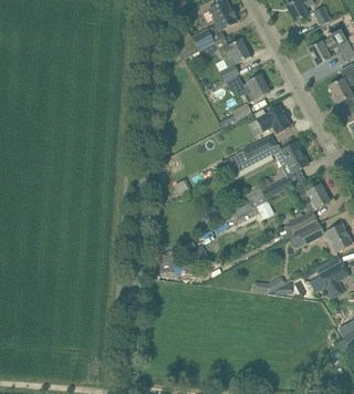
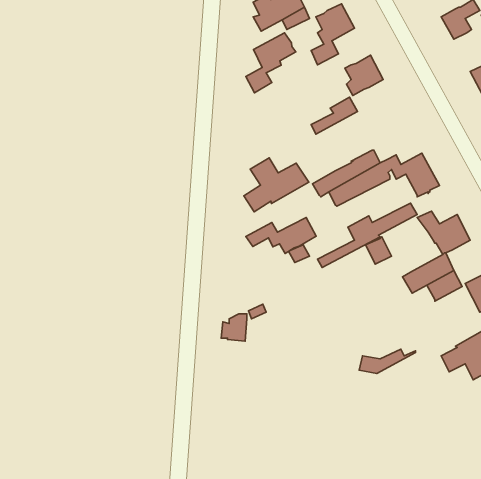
building: none -> [246,33,296,93]
building: [257,105,290,133] -> none
building: none -> [244,158,309,212]
building: none -> [246,217,316,253]

